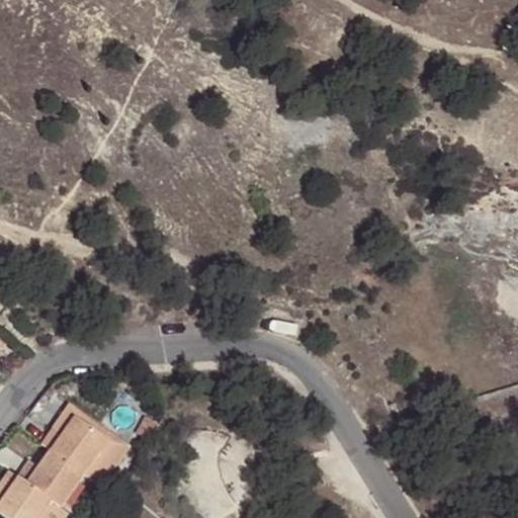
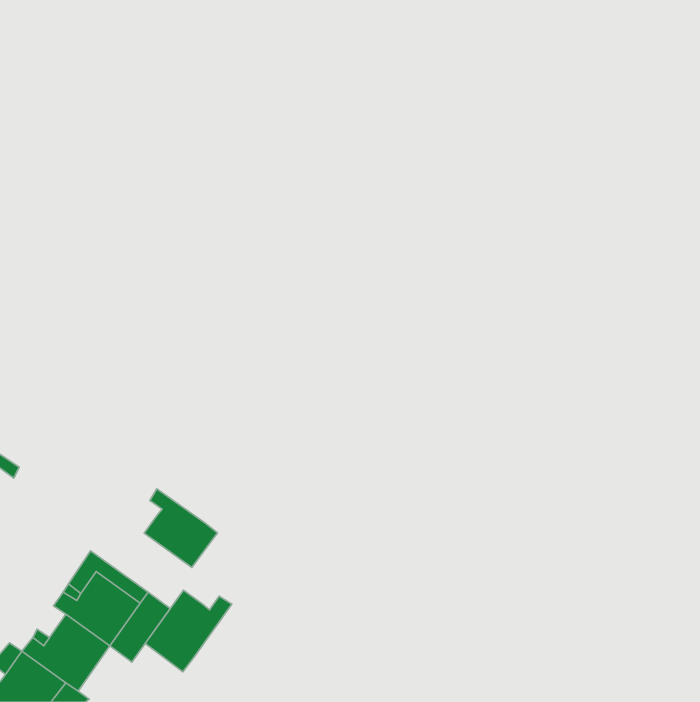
building: none -> [144,489,218,567]
building: none -> [145,590,232,672]

